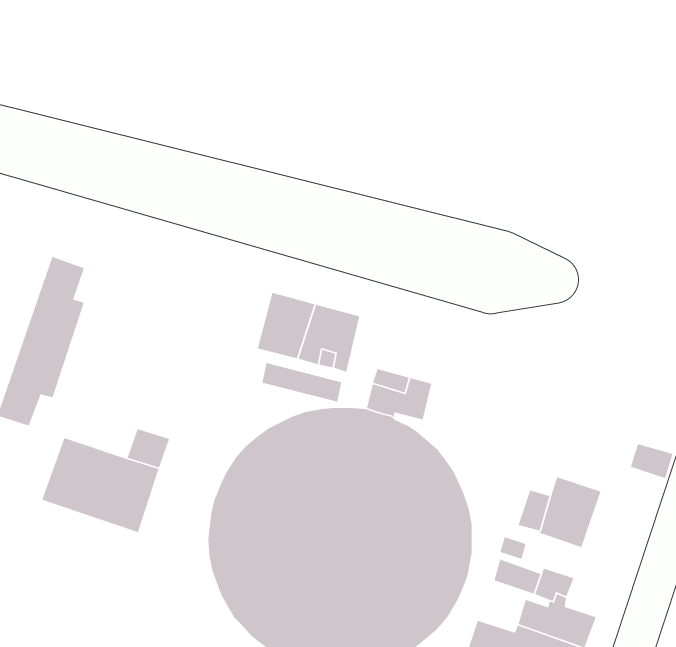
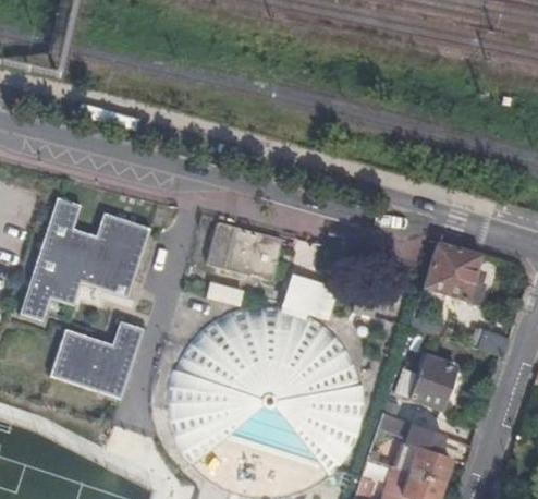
building: none -> [59,211,151,304]
building: none -> [424,241,482,300]

